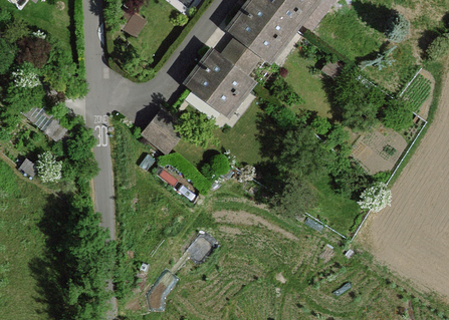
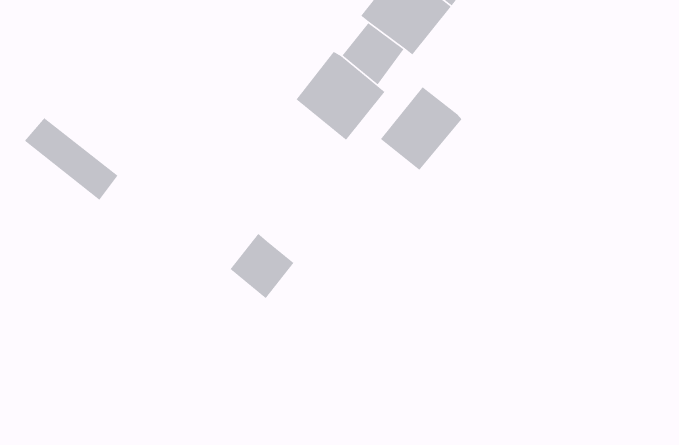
building: none -> [380,86,462,171]
building: [143,111,184,153] -> [230,233,294,299]

